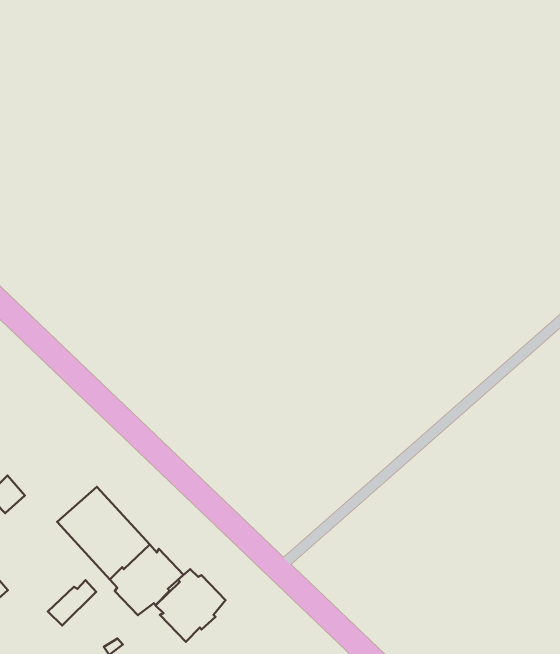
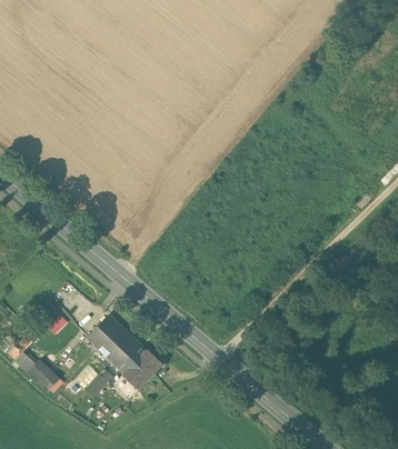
building: [155,569,226,642] -> none

